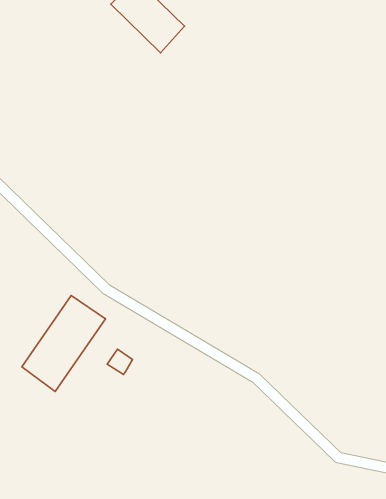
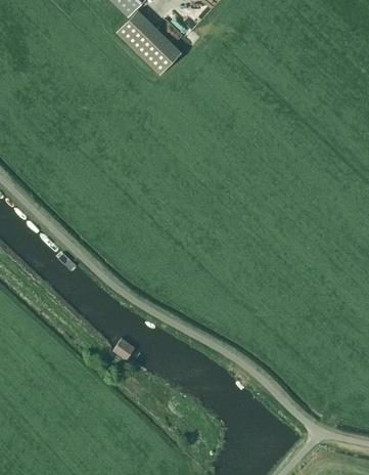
building: [22,296,106,392] -> none

